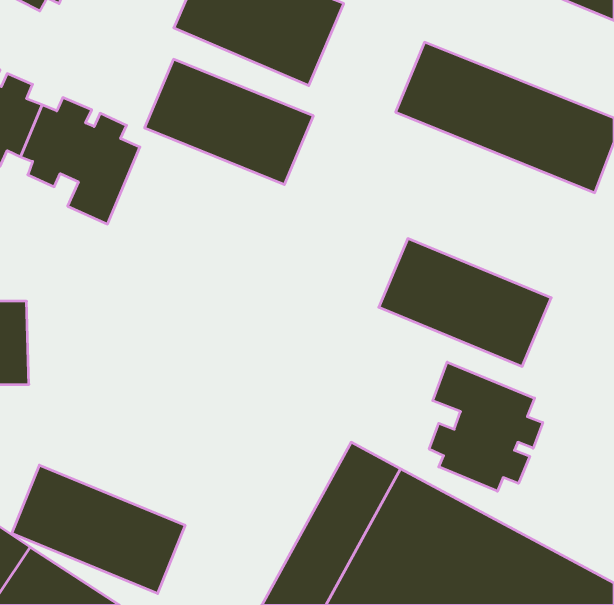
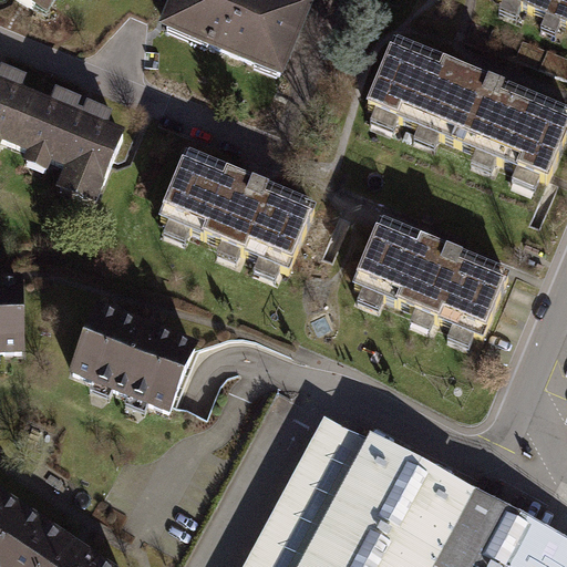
building: [145,59,313,185] -> [156,153,311,268]
building: none -> [74,303,203,411]
building: [429,362,543,491] -> none
building: [12,465,185,594] -> none

